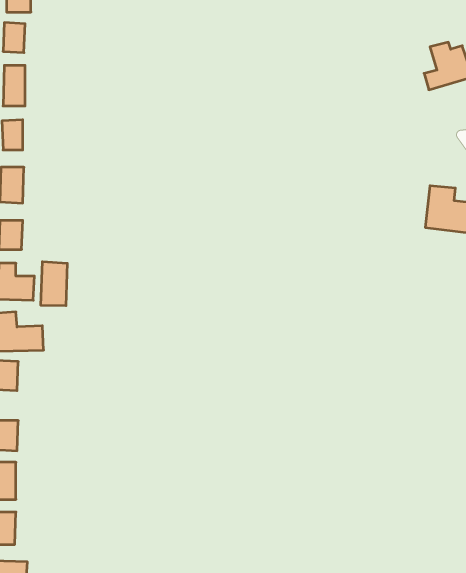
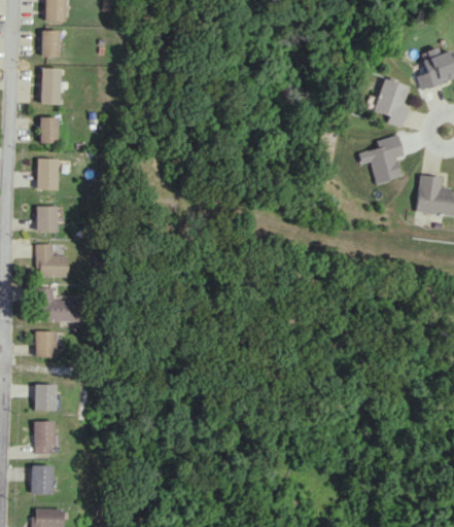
building: none -> [373,78,409,128]
building: none -> [359,135,405,183]
building: [41,262,67,306] -> none

